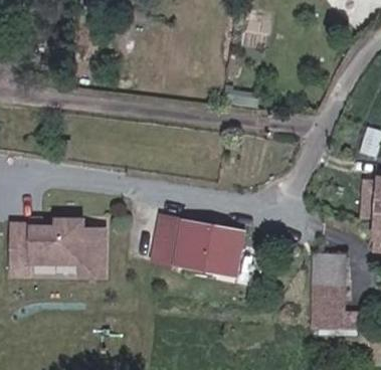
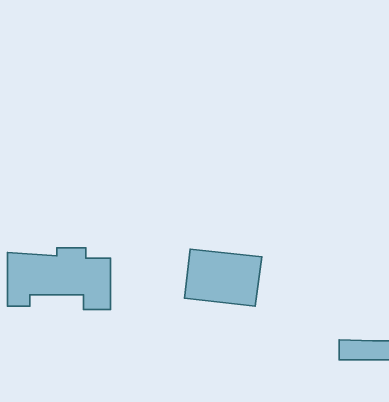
building: [155,222,179,269] -> none
building: [313,251,343,308] -> none

